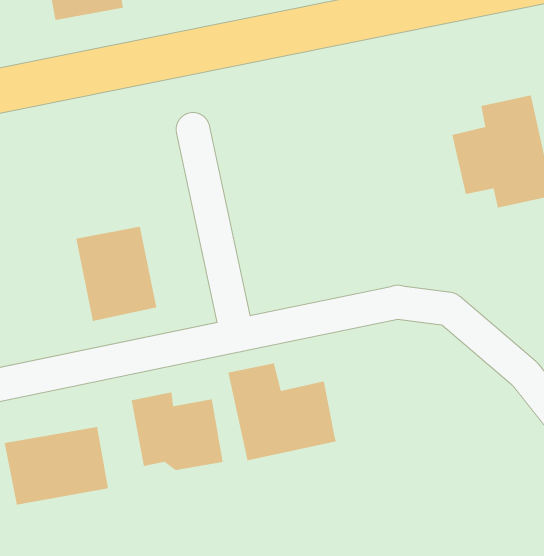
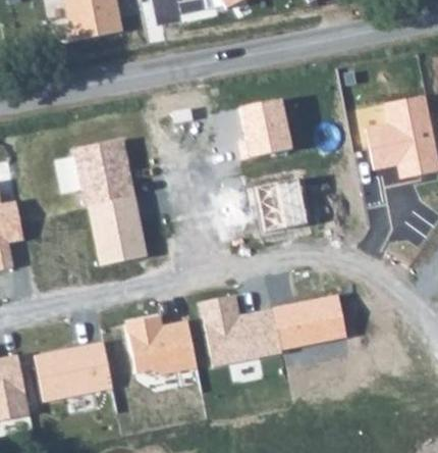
building: none -> [238,97,292,157]
building: none -> [72,135,135,203]
building: none -> [257,179,308,231]
building: none -> [271,294,346,349]

